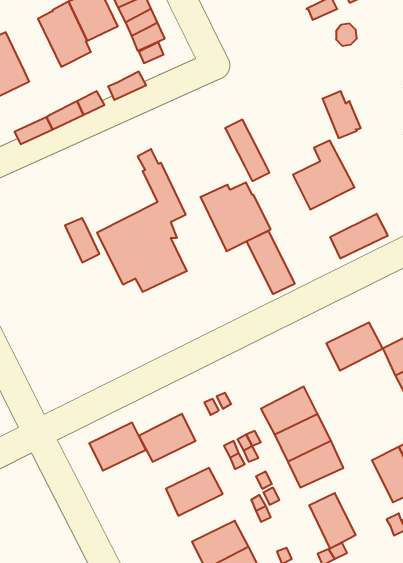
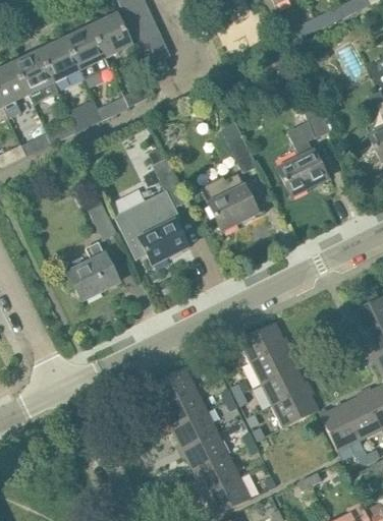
building: none -> [39,38,85,80]
building: [330,214,388,258] -> none
building: [247,231,295,294] -> none
building: none -> [68,240,118,298]
building: [326,323,383,371] -> [238,321,285,360]
building: [89,423,146,471] -> [160,387,207,426]
building: [309,493,356,548] -> [320,403,359,449]
building: none -> [181,430,228,470]

